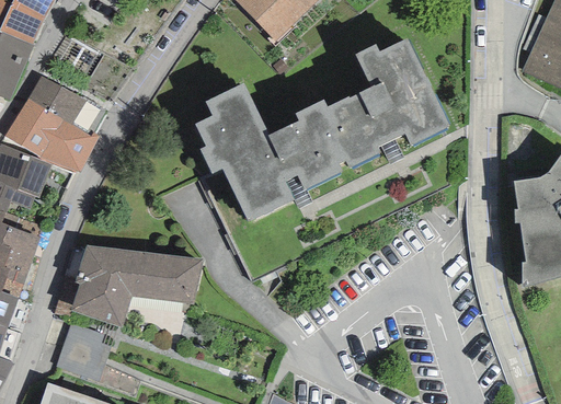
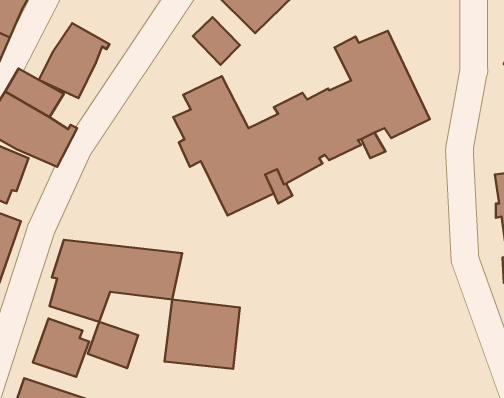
building: none -> [193,17,240,65]
building: none -> [39,23,109,98]
building: none -> [164,300,240,369]
building: none -> [88,322,138,368]

